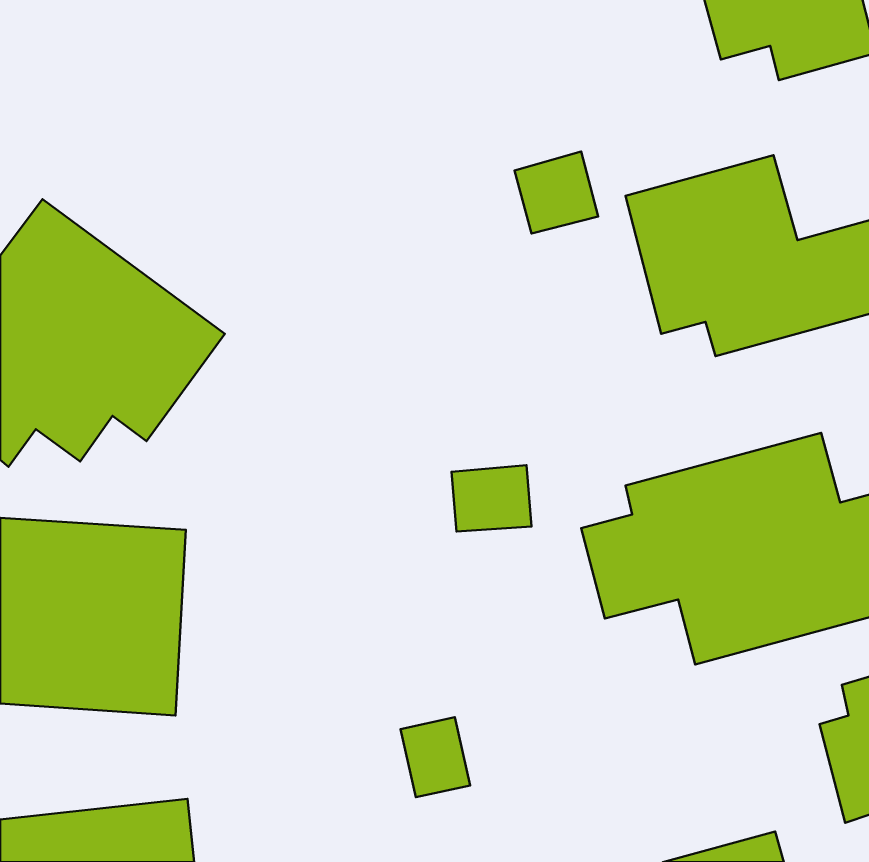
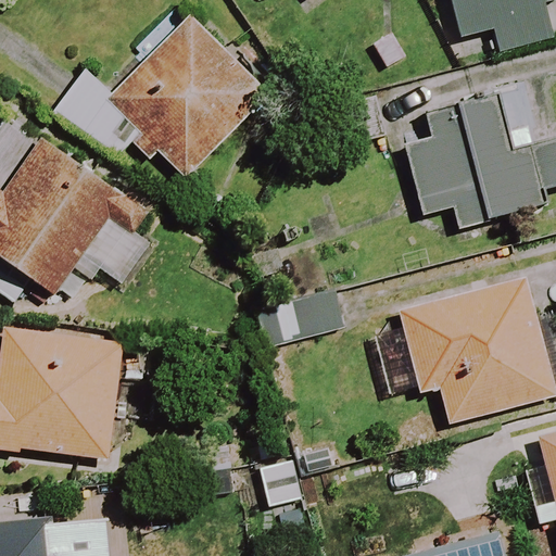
building: none -> [52,16,268,179]

